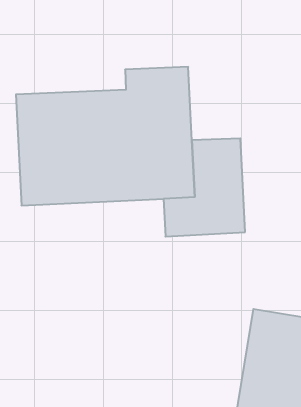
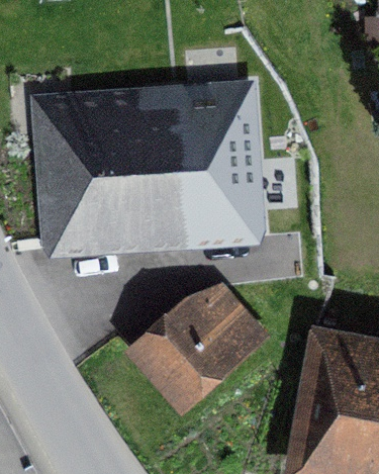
building: none -> [128,289,252,407]

